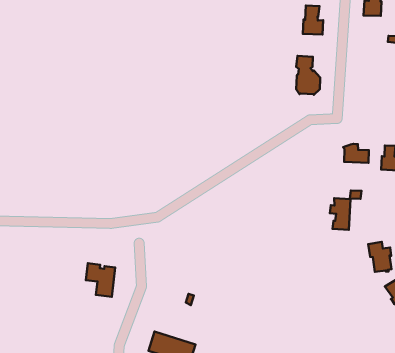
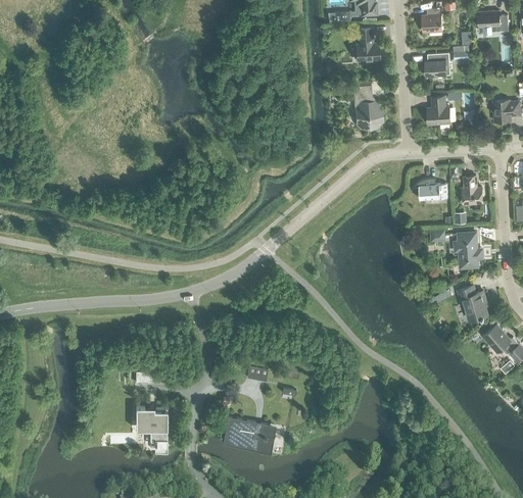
building: none -> [427,53,449,76]
building: none -> [427,96,449,124]
building: [330,198,350,230] -> [455,233,478,268]
building: [86,263,115,297] -> [136,407,168,442]

